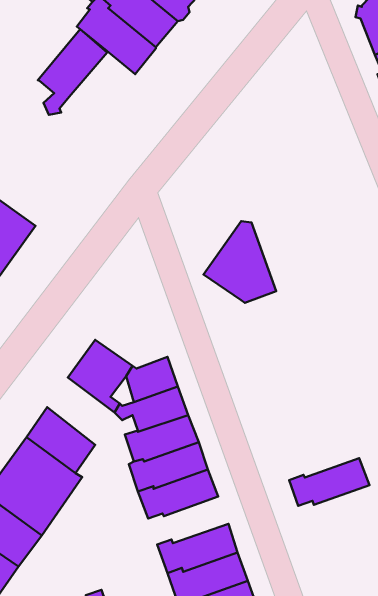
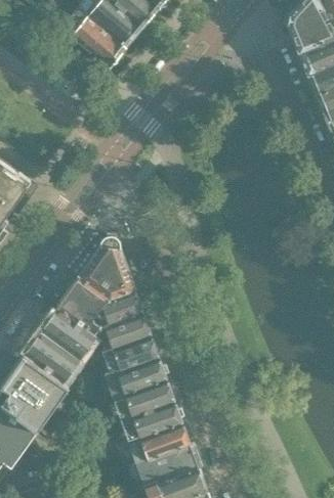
building: [38,29,107,115] -> none
building: [203,221,276,303] -> [78,234,135,299]
building: none -> [40,306,99,361]
building: [289,458,369,506] -> [120,400,183,438]

